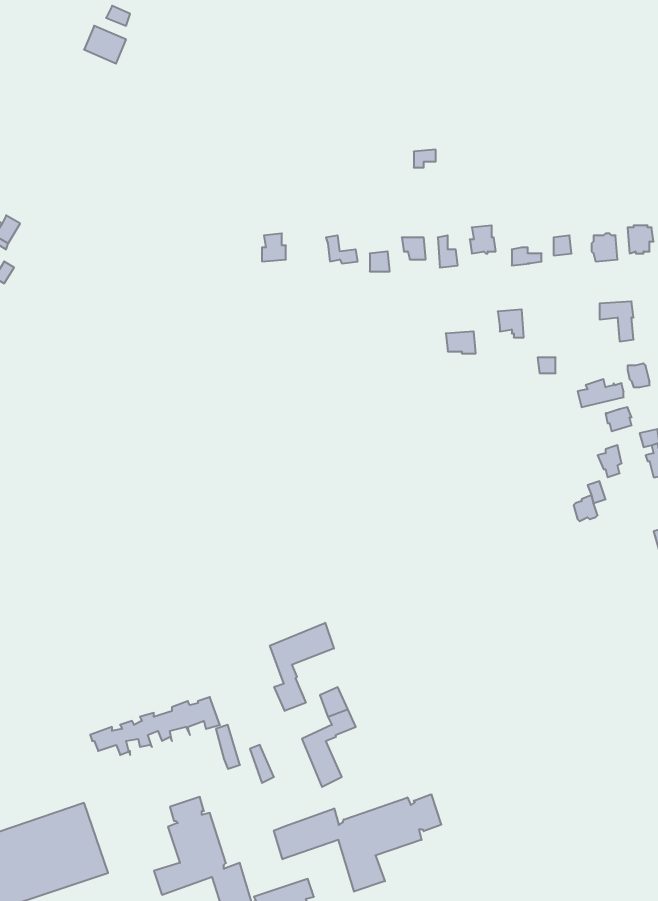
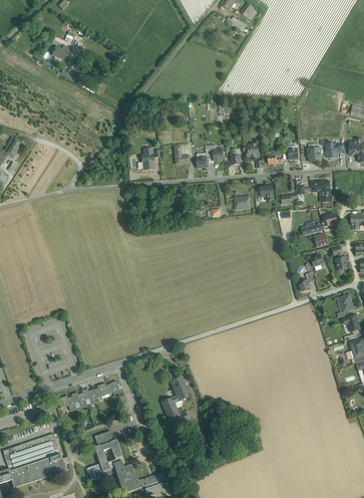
building: [270,623,334,711] -> none
building: [274,794,441,892] -> none

